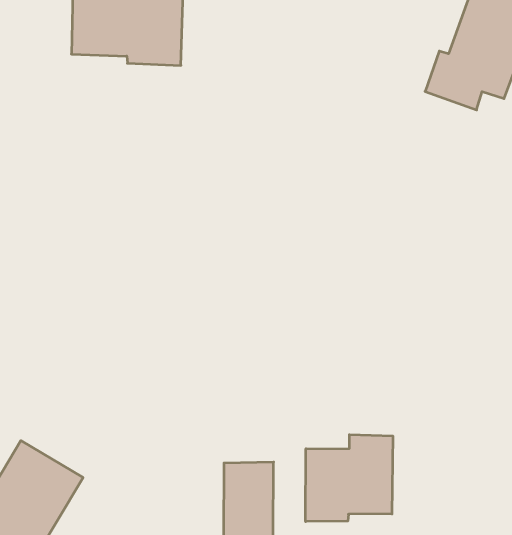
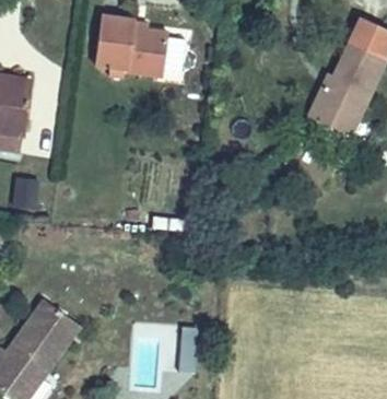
building: [306,435,393,522] -> none

